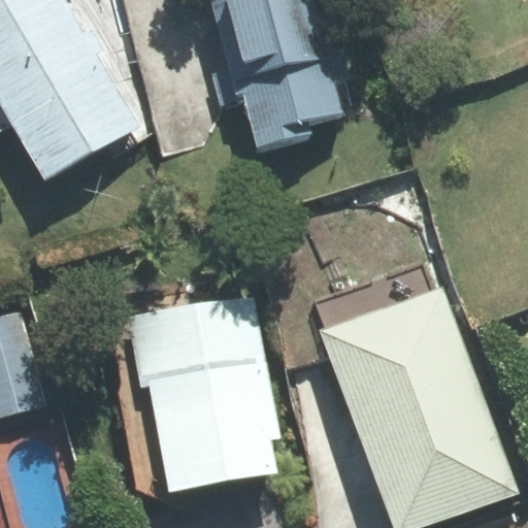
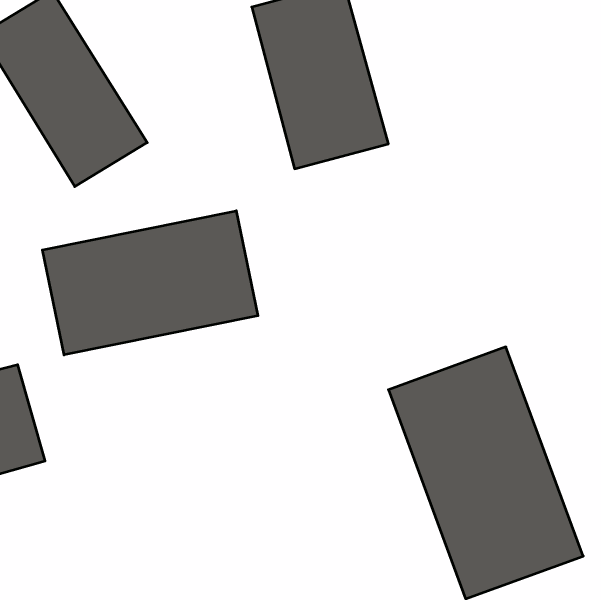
building: none -> [42,211,258,355]
building: [148,305,283,487] -> none

